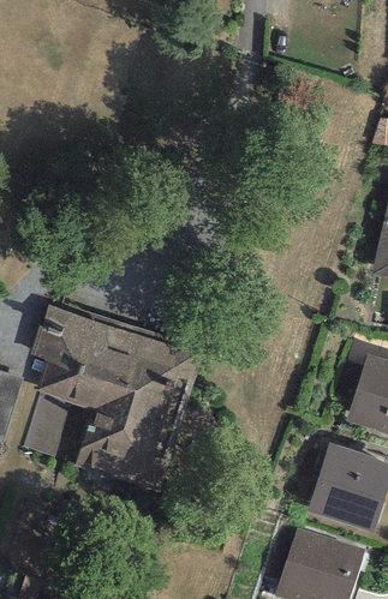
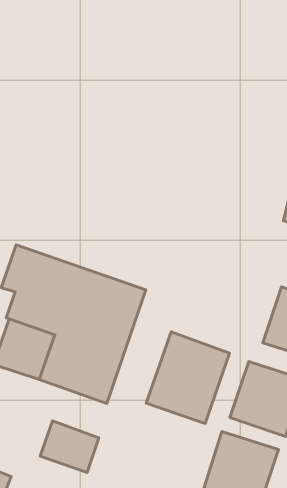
building: none -> [146,332,230,424]
building: none -> [40,421,99,473]

